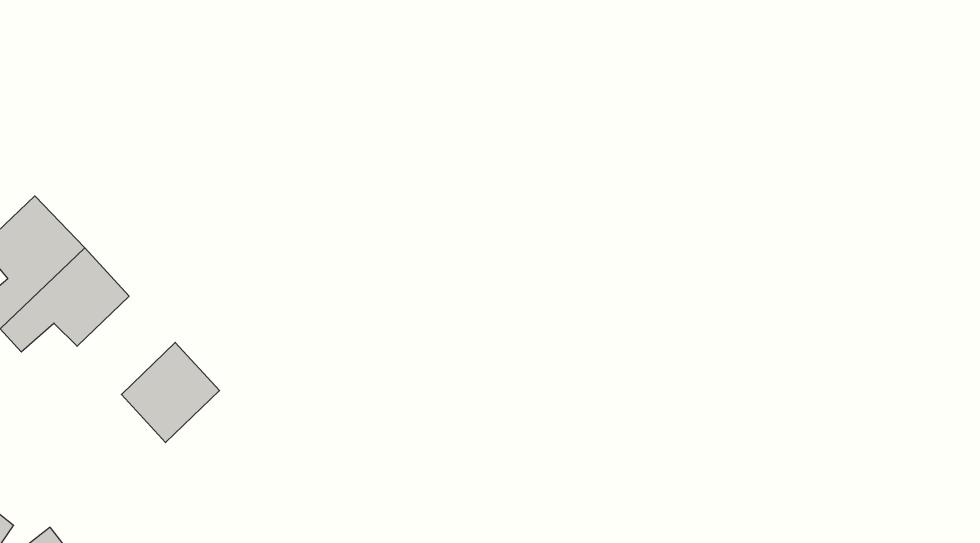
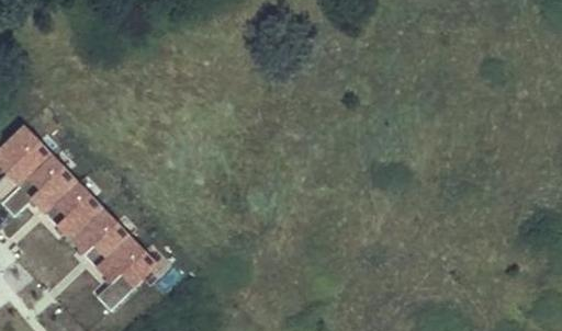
building: none -> [45,181,101,237]
building: none -> [95,235,155,307]

